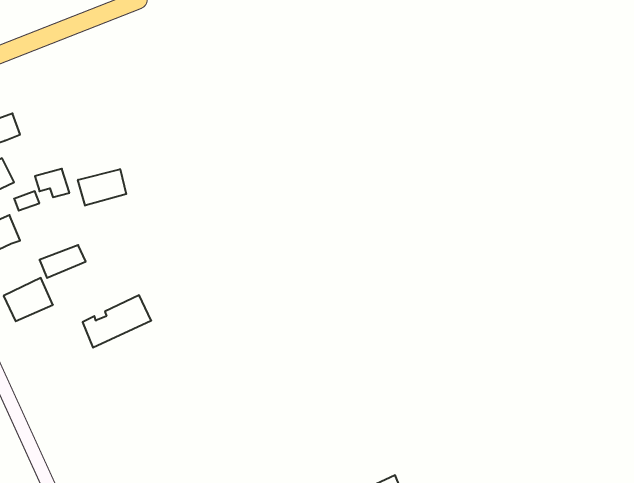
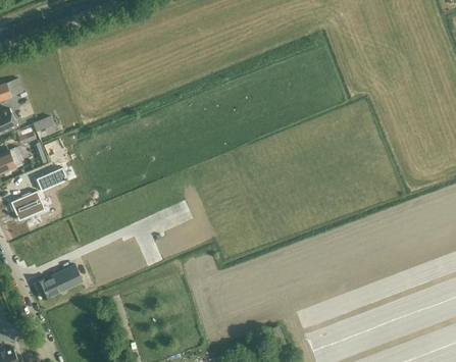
building: [78,169,126,206] -> none
building: [83,295,151,348] -> [35,264,82,300]

